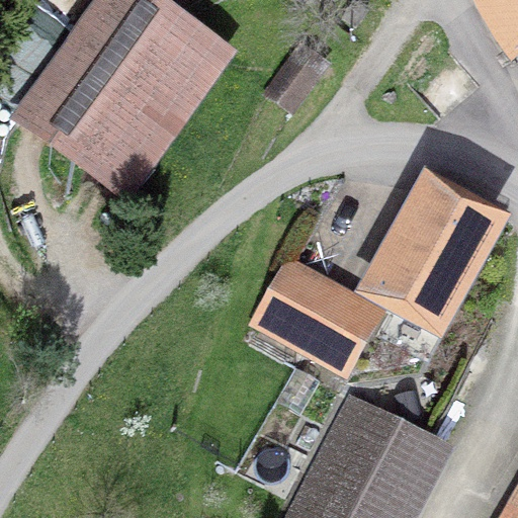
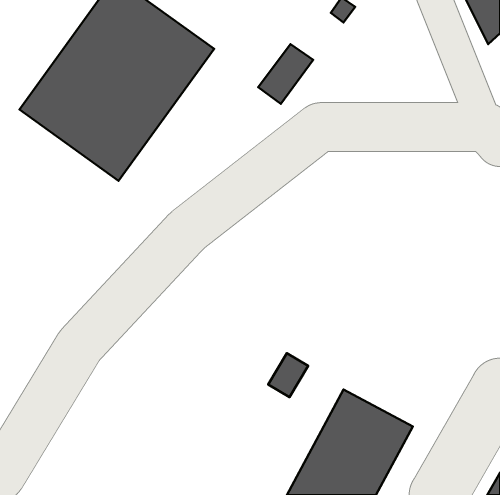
building: [372,187,493,325] -> none
building: [261,266,371,365] -> none

